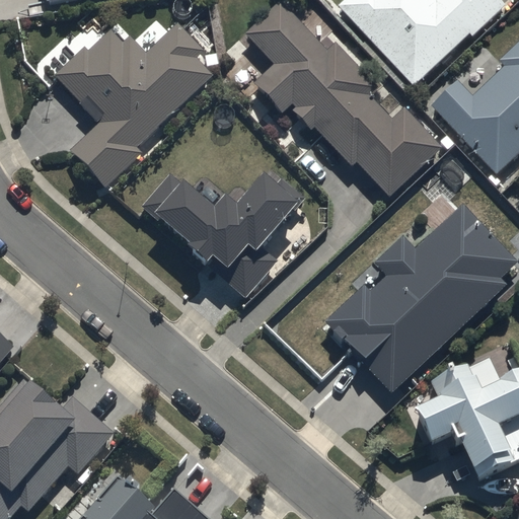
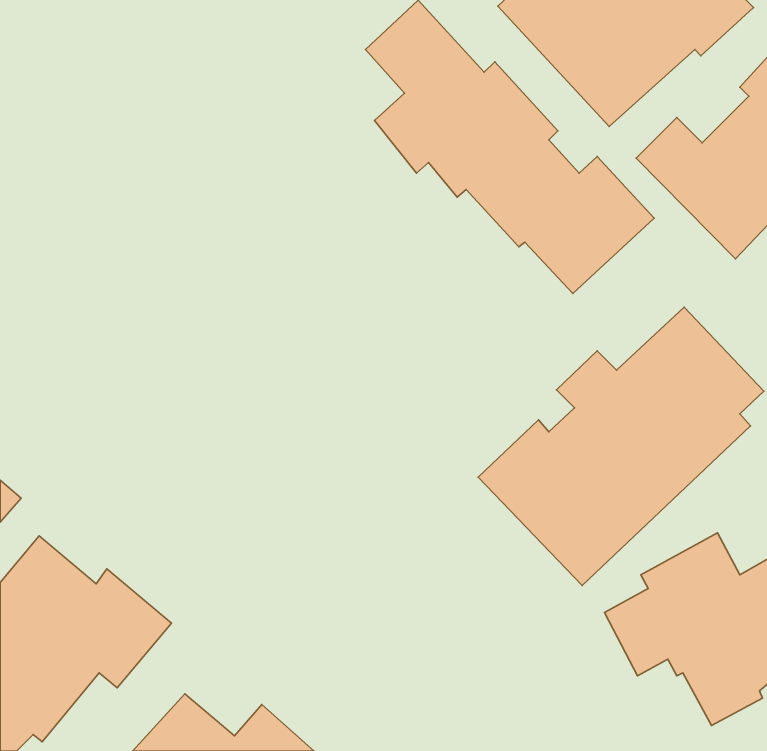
building: [55,22,212,189] -> none
building: [140,166,304,293] -> none

